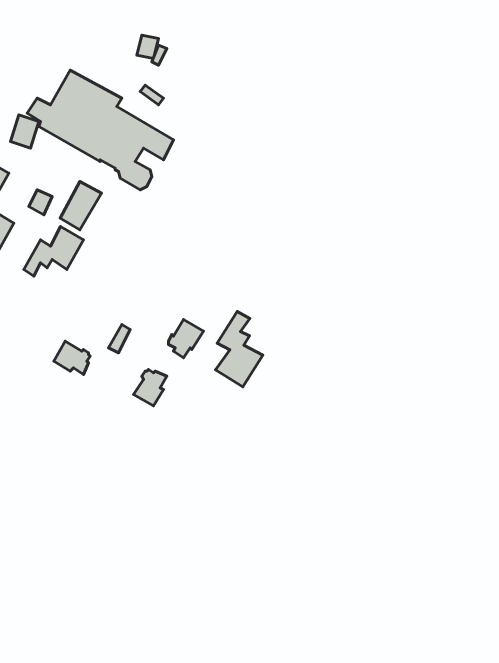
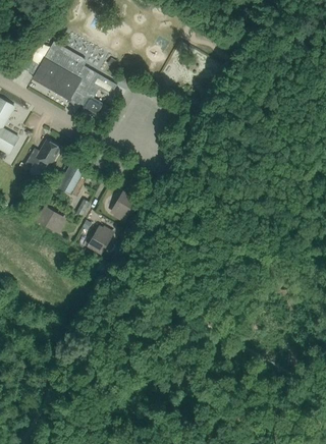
building: [60,181,102,230] -> [58,165,84,195]
building: [216,312,263,387] -> none

